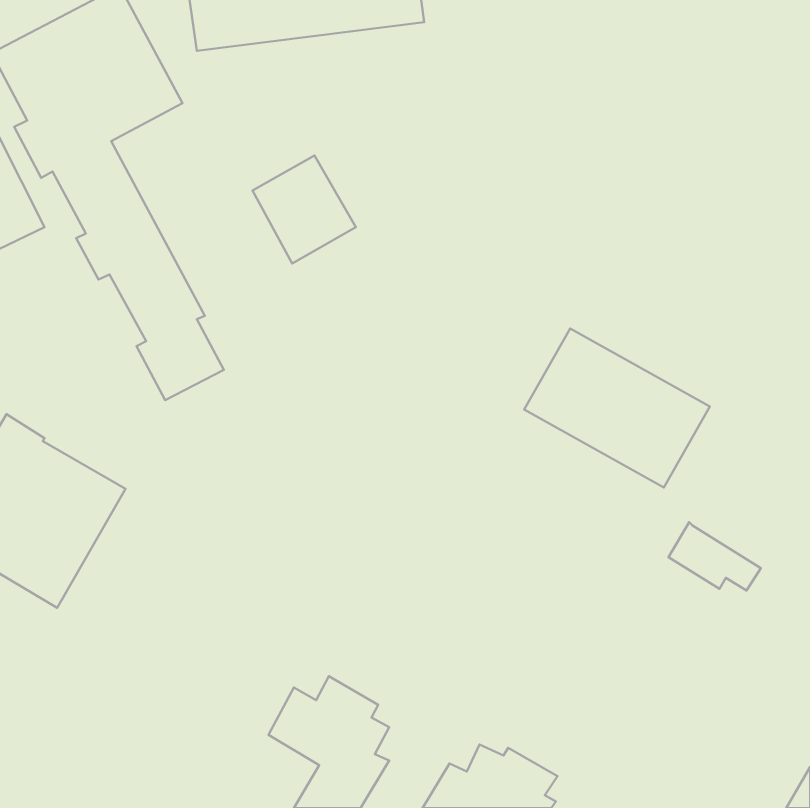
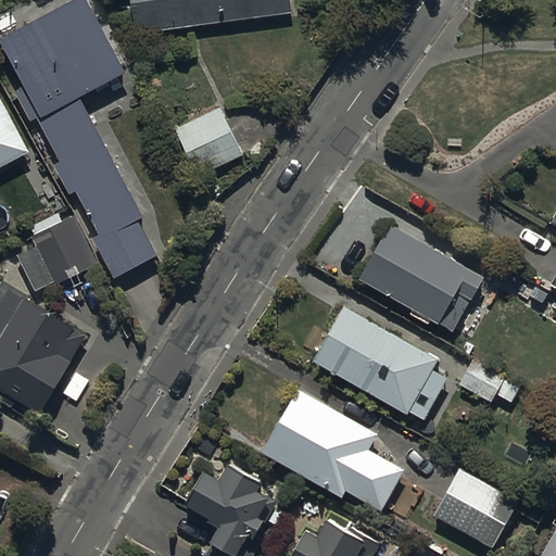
building: none -> [16,214,99,292]
building: none -> [315,306,440,416]
building: none -> [263,390,404,511]
building: none -> [435,469,517,547]

